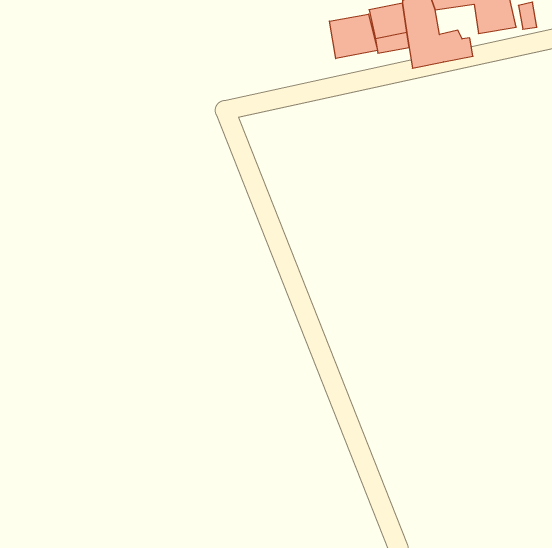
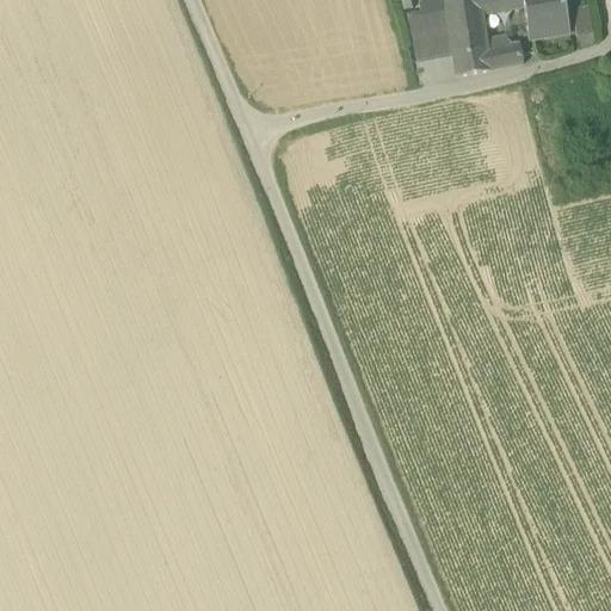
building: [329,14,377,59] -> none

